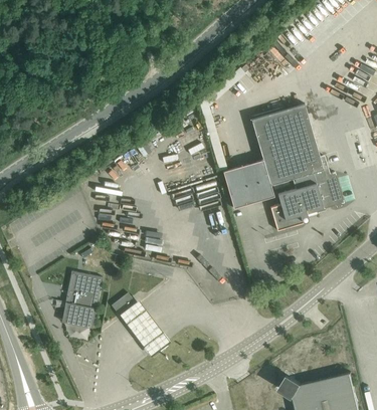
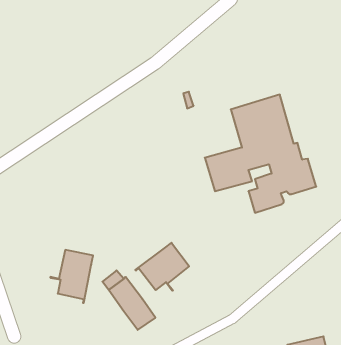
building: none -> [135,243,189,291]

